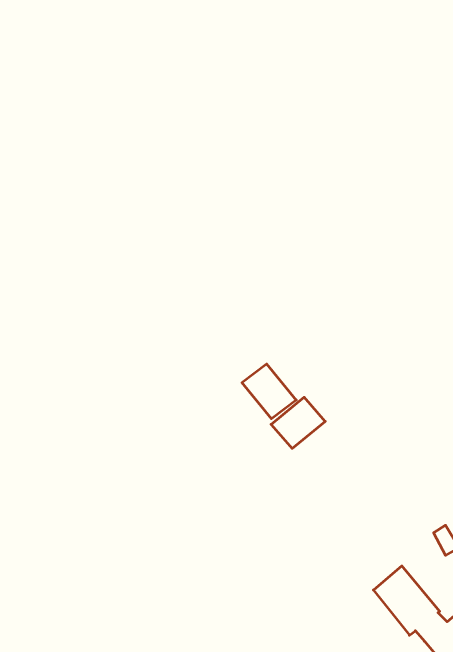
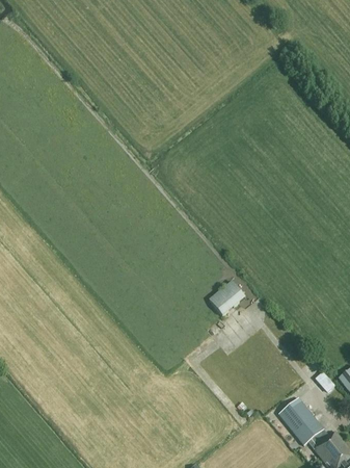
building: [242,364,296,419] -> none

